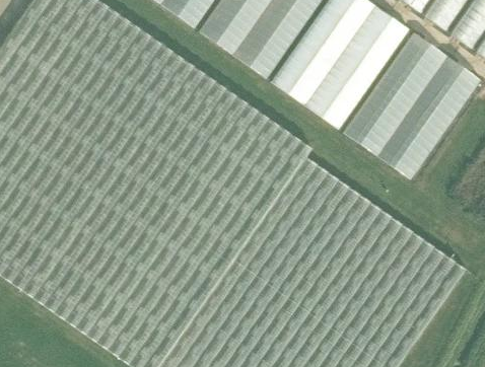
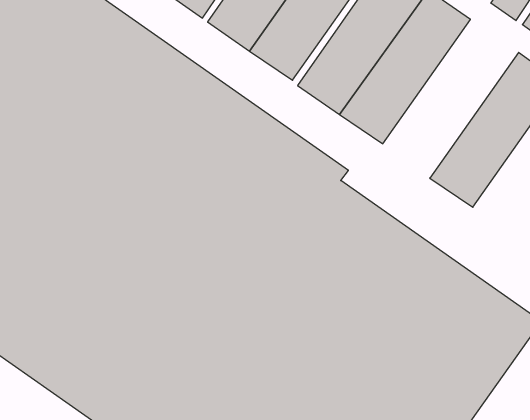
building: [342,31,446,155] -> none

